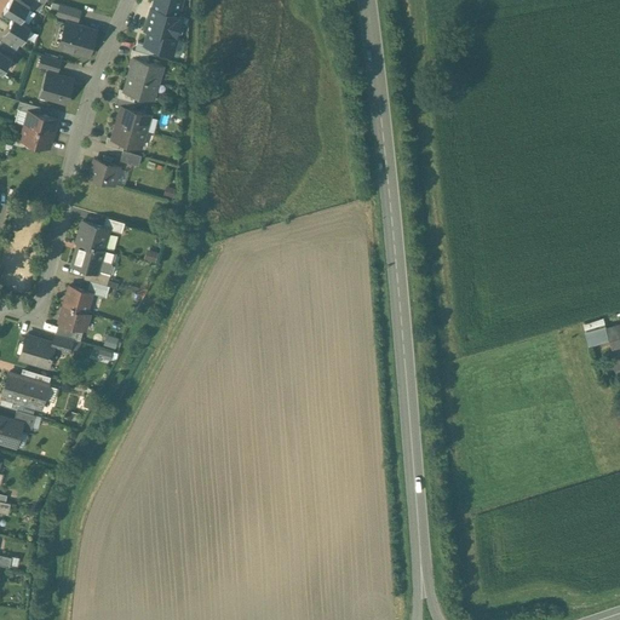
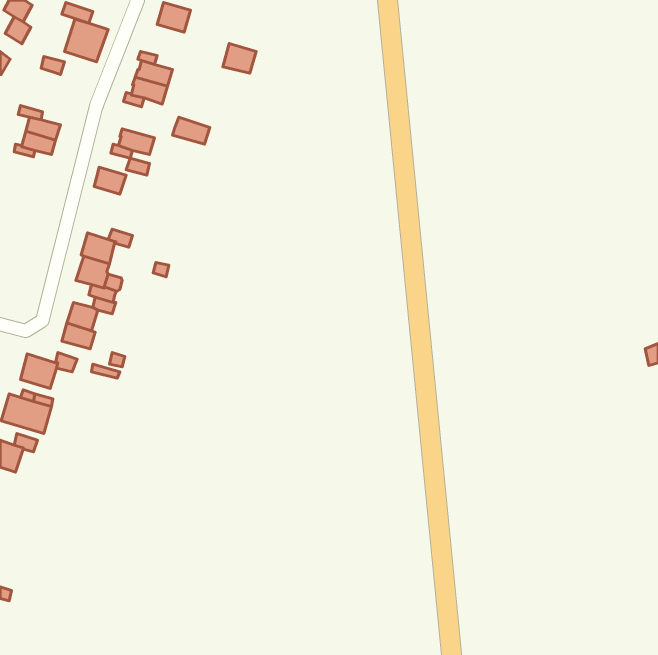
building: [142,25,173,53] -> [223,44,256,73]
building: [41,74,73,104] -> none
building: [115,107,150,132] -> [172,117,210,144]

